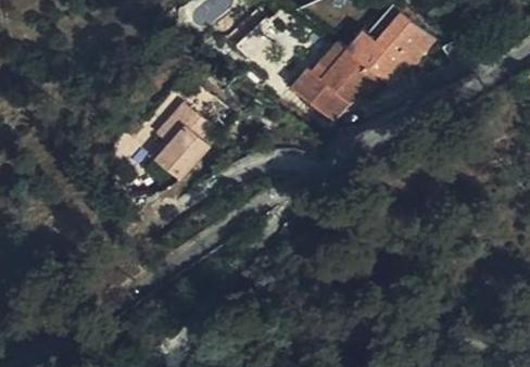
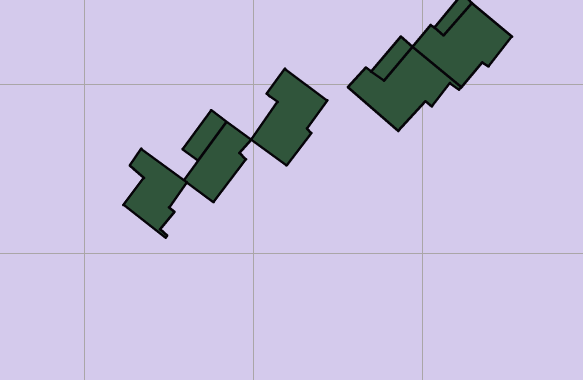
building: none -> [251,69,327,165]
building: none -> [123,149,187,238]

